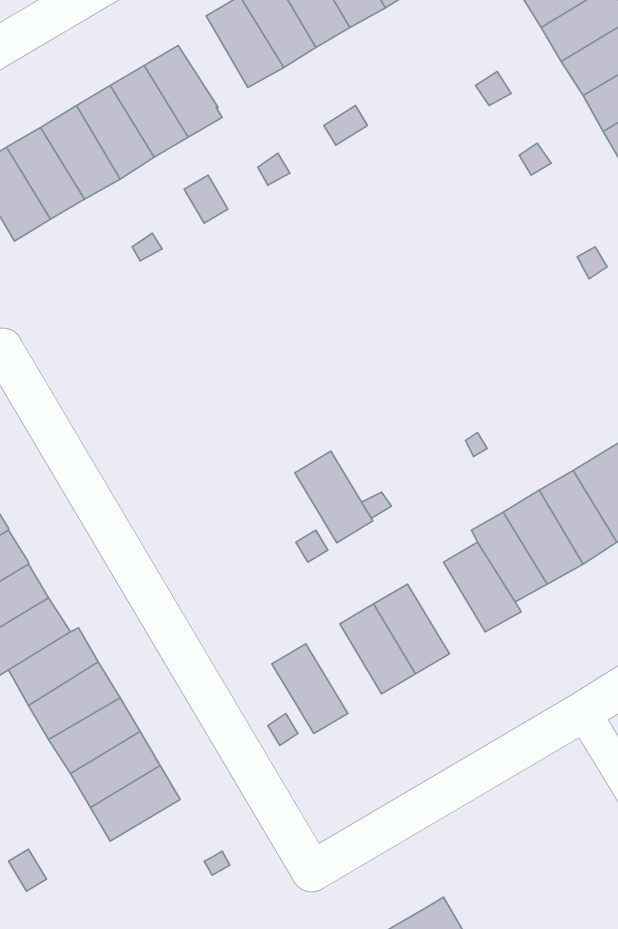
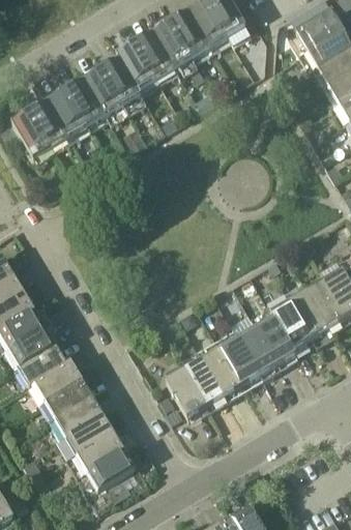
building: none -> [118,40,156,88]
building: [295,451,373,543] -> [239,324,280,372]
building: none -> [186,356,226,403]
building: none -> [78,447,133,507]

